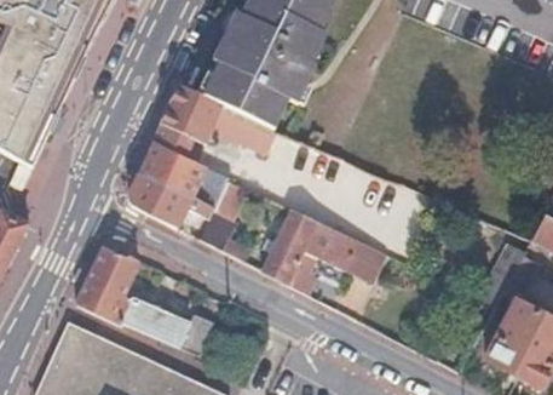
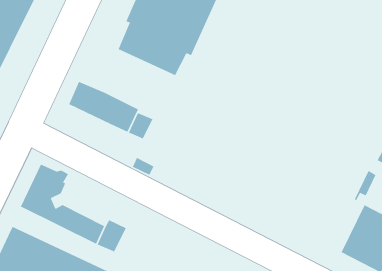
building: [152,86,276,153] -> none
building: [128,168,192,227] -> none
building: [263,207,388,291] -> none

